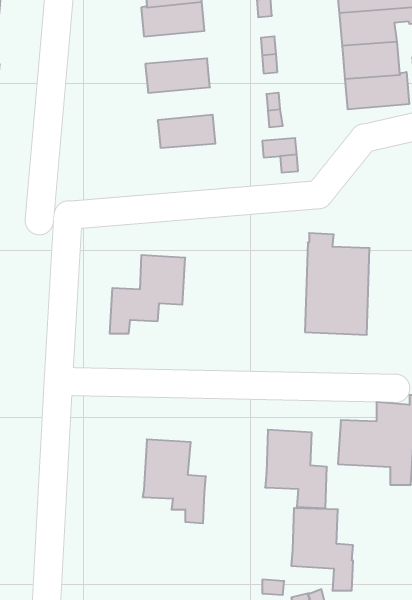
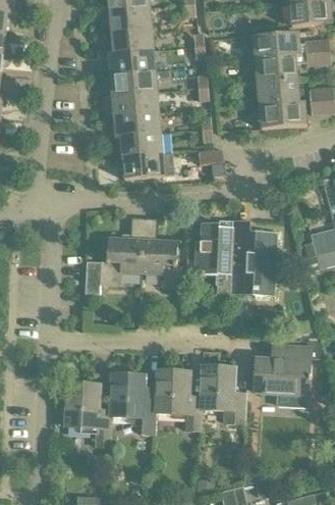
building: none -> [110,69,157,94]
building: none -> [113,111,161,138]
building: none -> [122,152,175,179]
building: none -> [193,218,232,293]
building: none -> [138,238,182,288]
building: none -> [54,383,110,447]
building: [291,508,353,591] -> [155,369,201,431]

